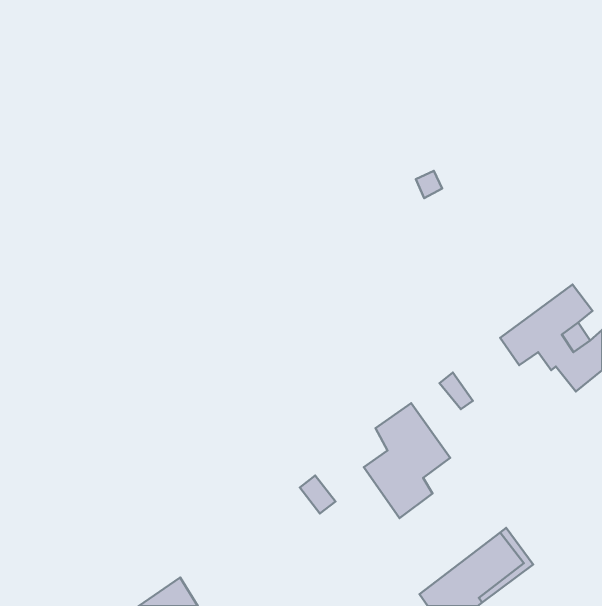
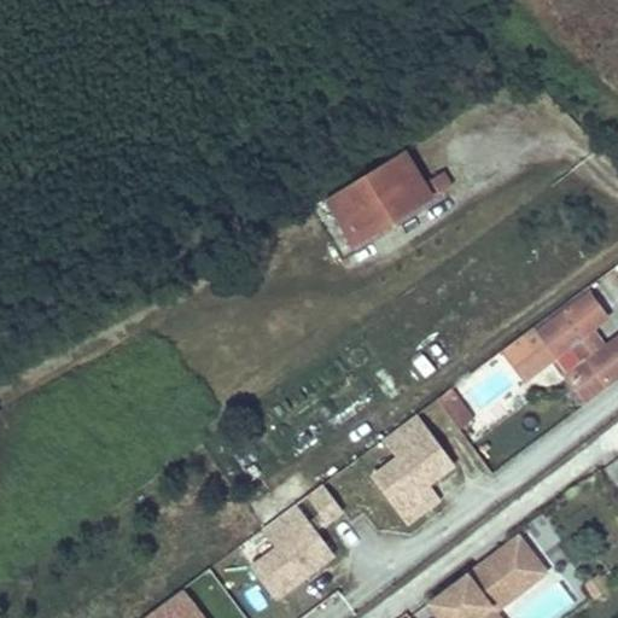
building: none -> [322,159,425,256]
building: none -> [251,503,333,597]

